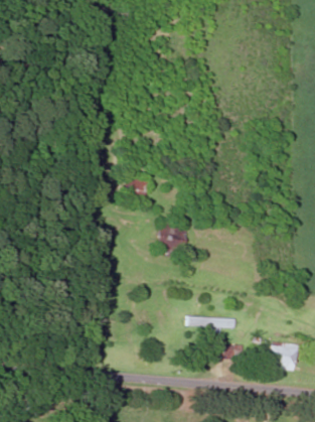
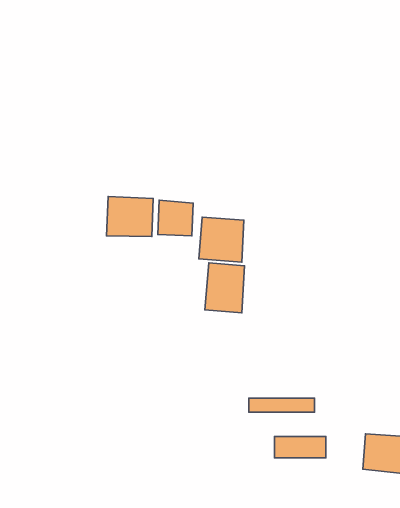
building: none -> [106,196,153,237]
building: none -> [199,217,244,262]

